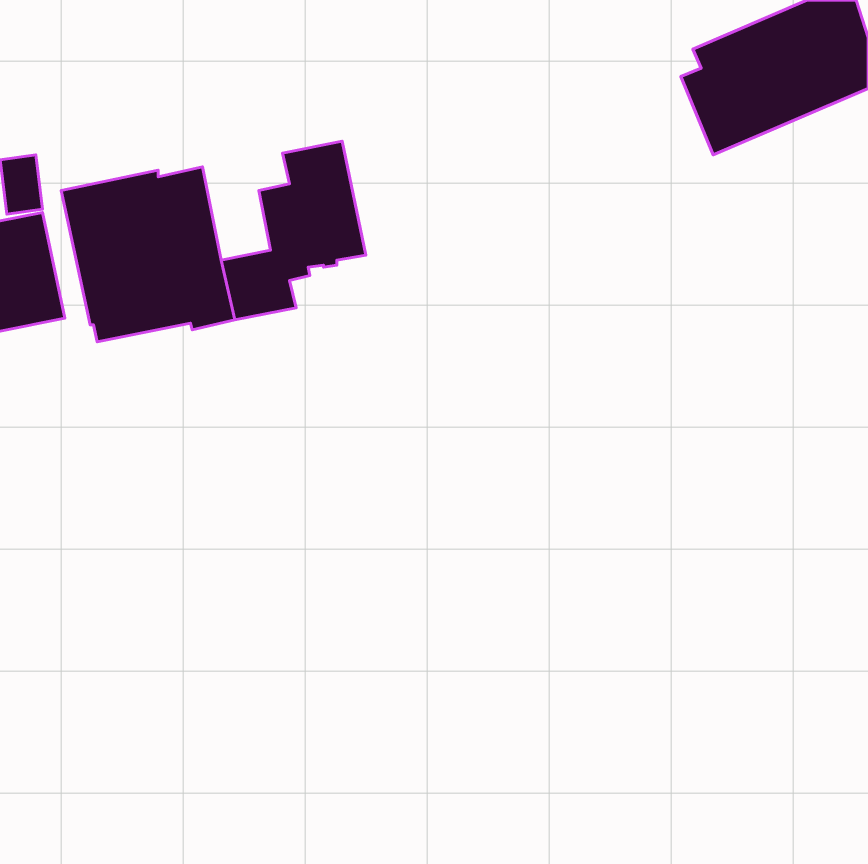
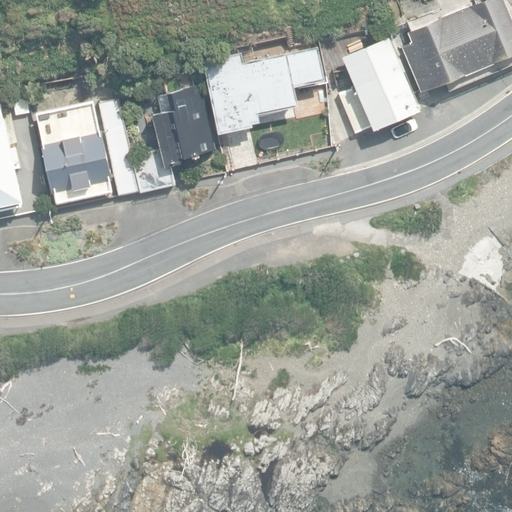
building: none -> [336,39,418,135]
building: none -> [202,48,324,136]

